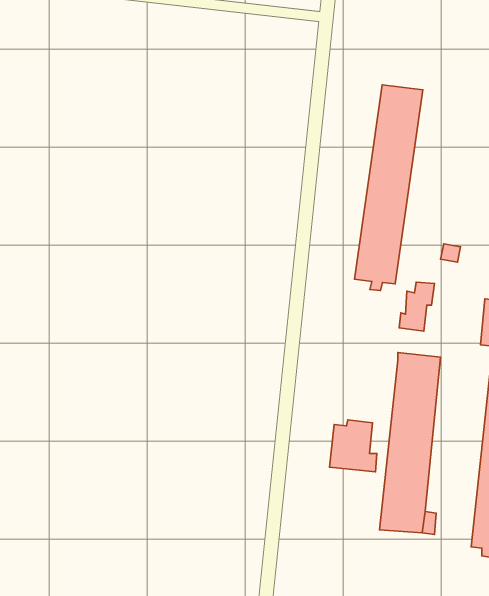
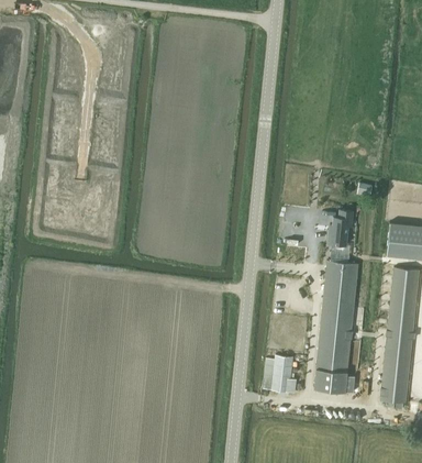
building: [354,85,423,290] -> none
building: [330,420,377,472] -> [263,355,297,393]

